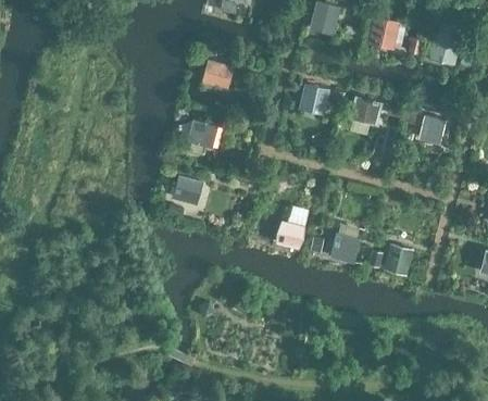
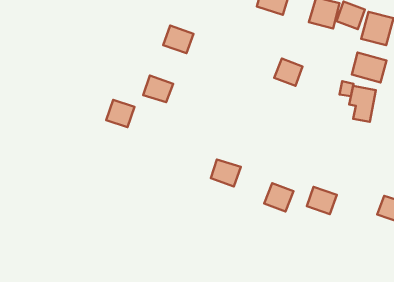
building: none -> [352,53,386,82]
building: [299,85,331,117] -> none
building: [170,179,201,210] -> [106,100,134,127]

